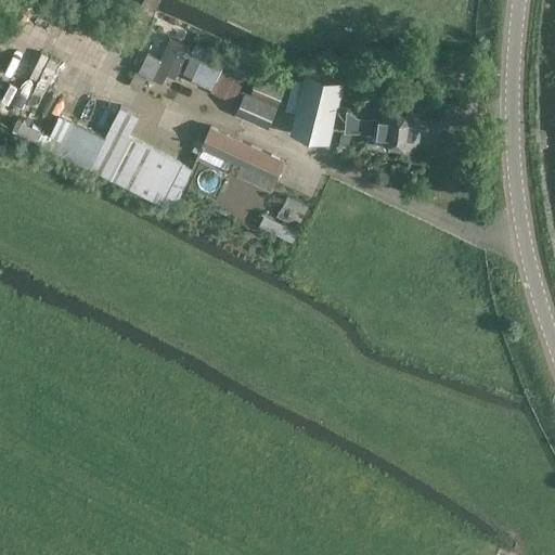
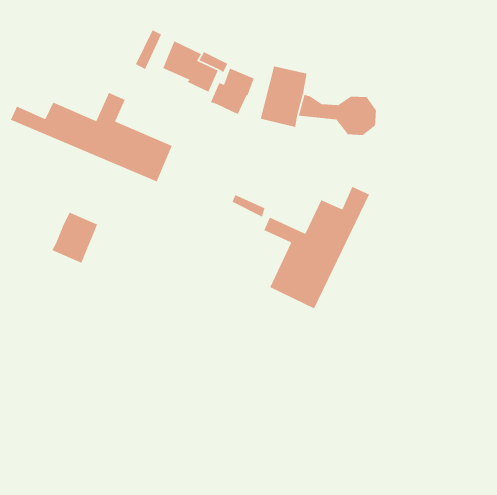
building: [198,130,281,186] -> none
building: none -> [263,186,370,310]
building: none -> [51,212,98,264]

